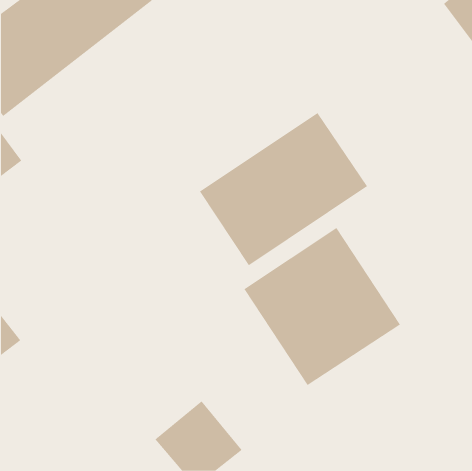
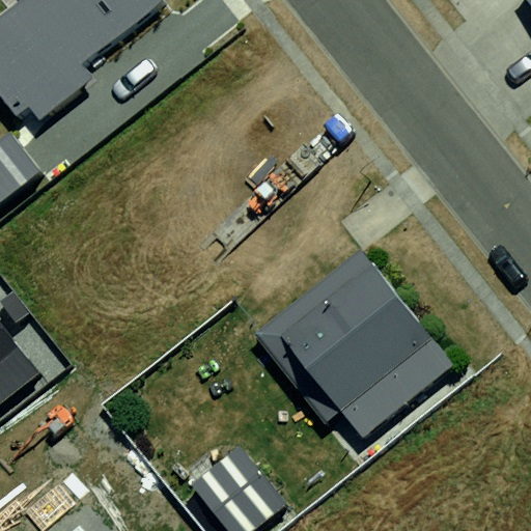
building: [199,112,368,266] -> none

